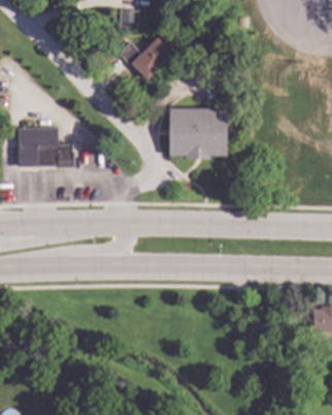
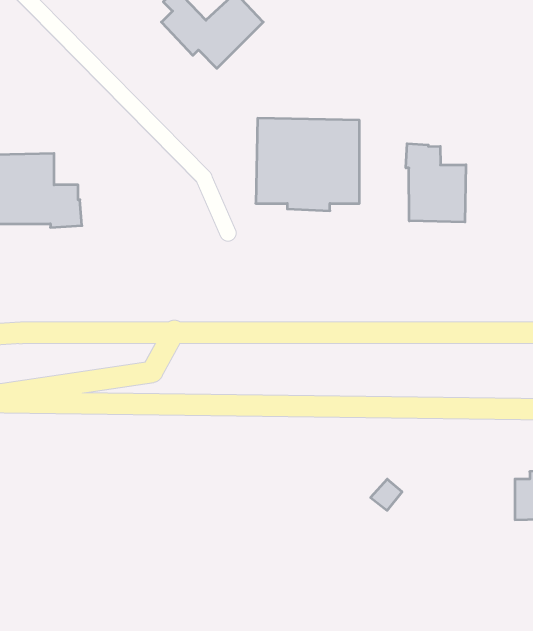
building: none -> [406,144,466,222]

